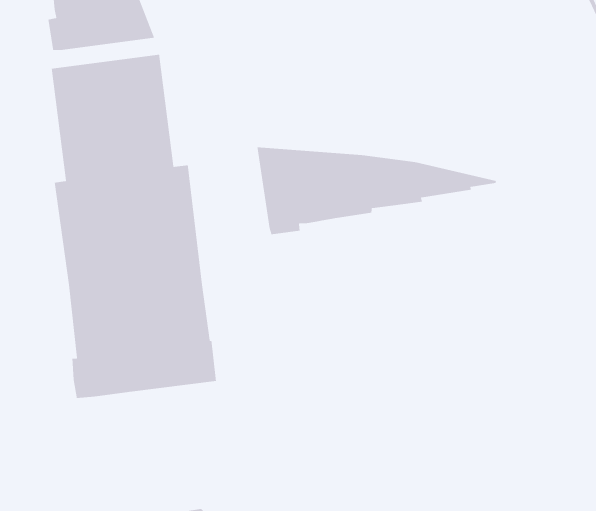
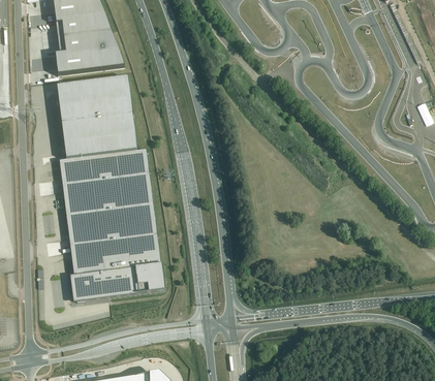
building: [257,146,497,235] -> none

